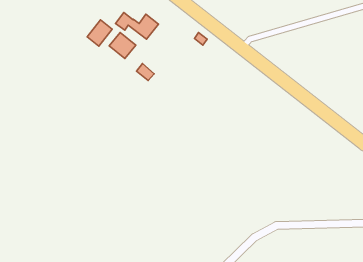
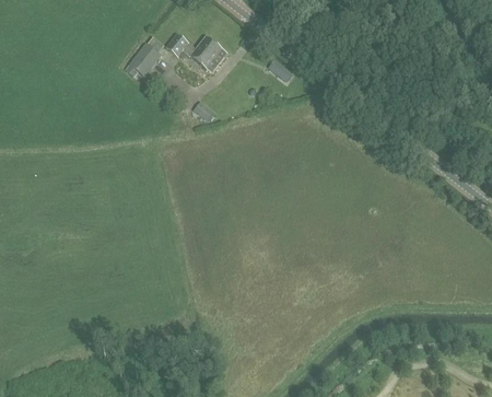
building: [109,33,136,58] -> none

